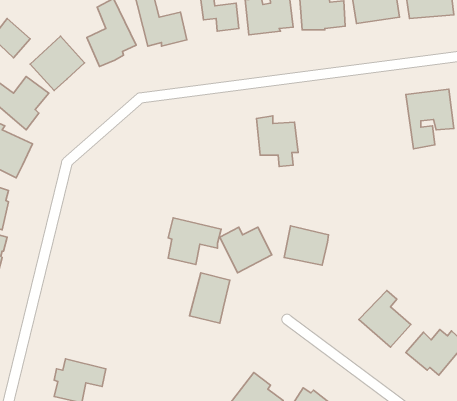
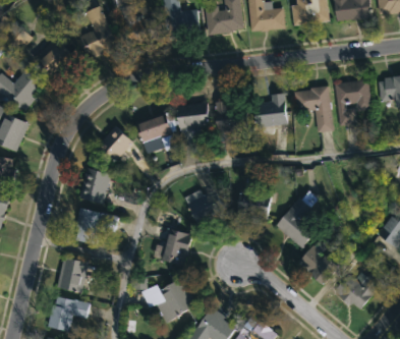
building: none -> [294,86,333,132]
building: none -> [251,93,288,127]
building: none -> [175,102,210,145]
building: none -> [135,112,172,150]
building: none -> [95,125,132,164]
building: none -> [78,168,110,205]
building: [168,218,221,265] -> [75,208,118,245]
building: none -> [276,190,319,247]
building: none -> [60,257,93,293]
building: none -> [140,278,195,323]

